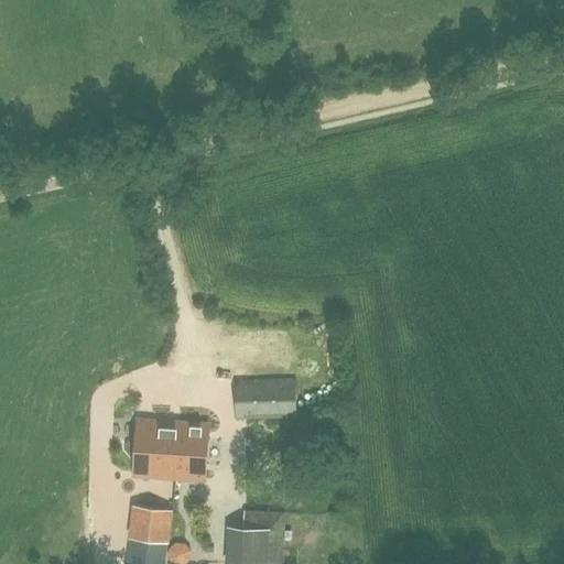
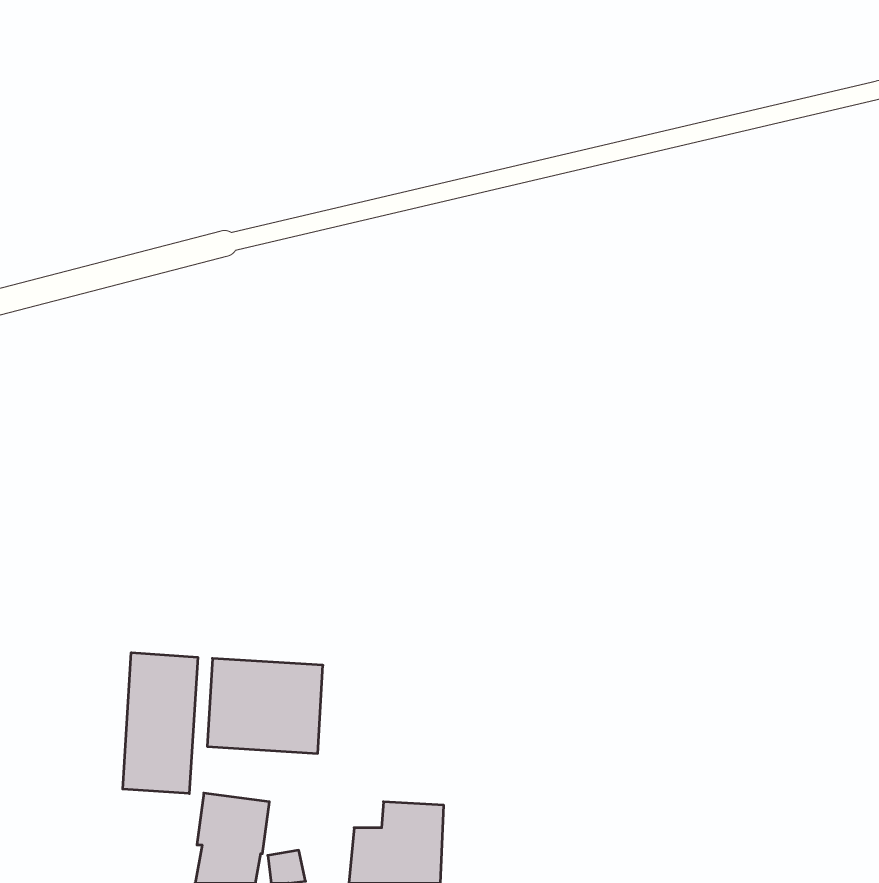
building: [232,379,295,417] -> none
building: none -> [123,653,198,794]

